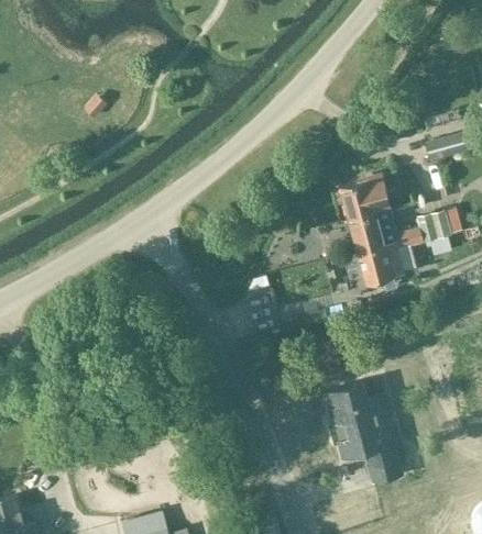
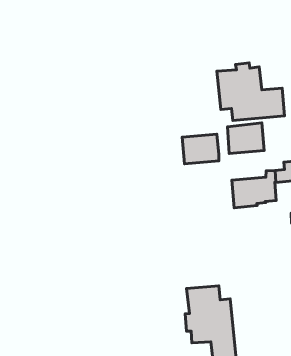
building: none -> [217,63,285,121]
building: [349,210,398,253] -> [182,134,219,164]

